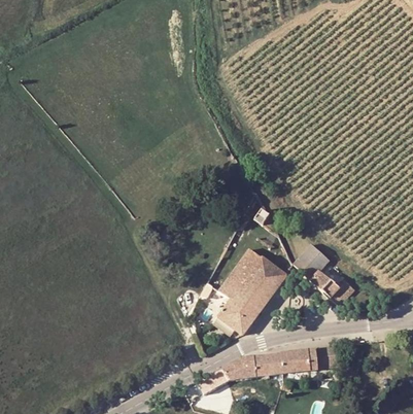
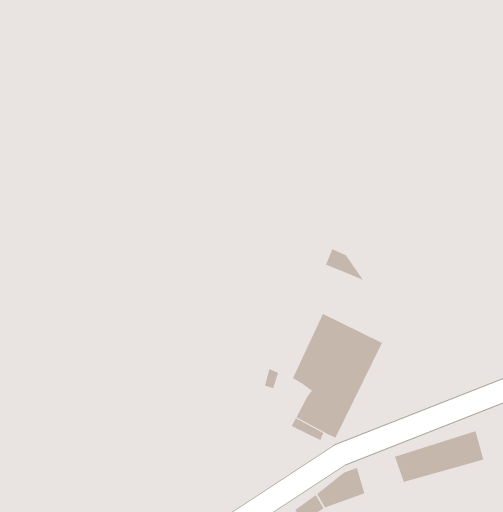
building: [296,244,354,305] -> none
building: [255,353,284,375] -> none

